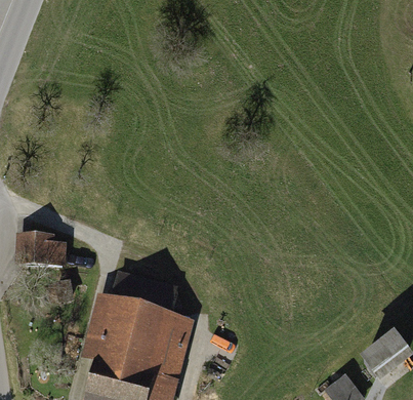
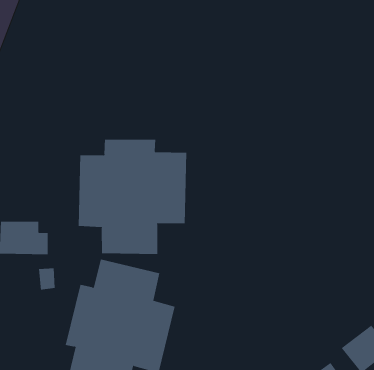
building: none -> [78,139,187,255]

